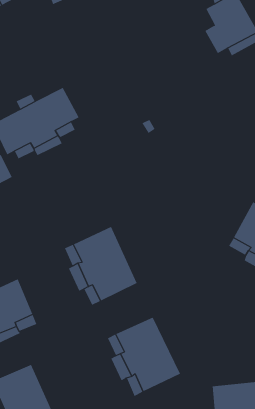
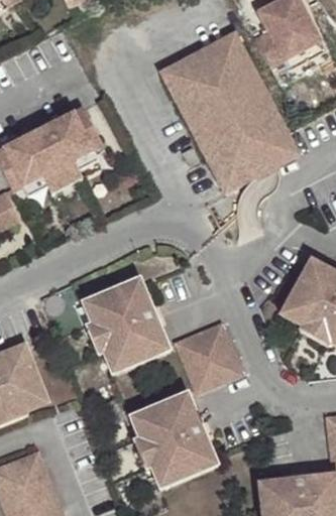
building: none -> [153,31,294,195]
building: none -> [177,320,247,394]

